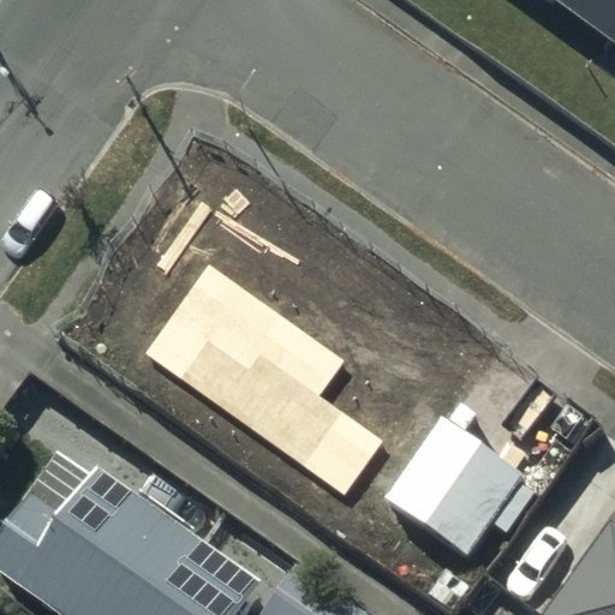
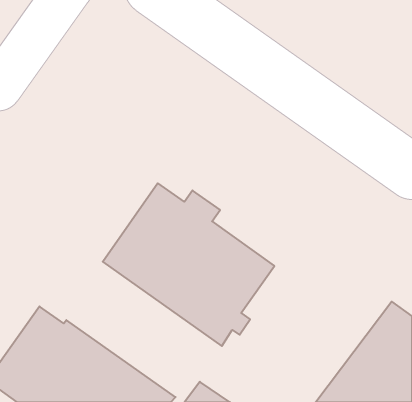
building: [386,414,535,556] -> none

